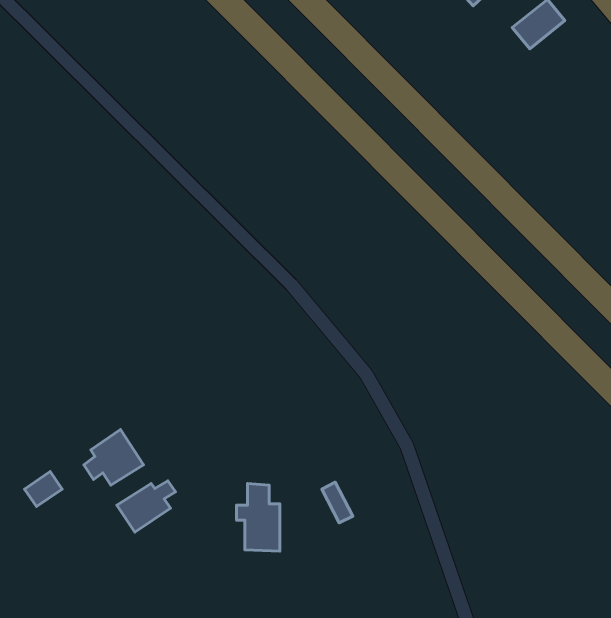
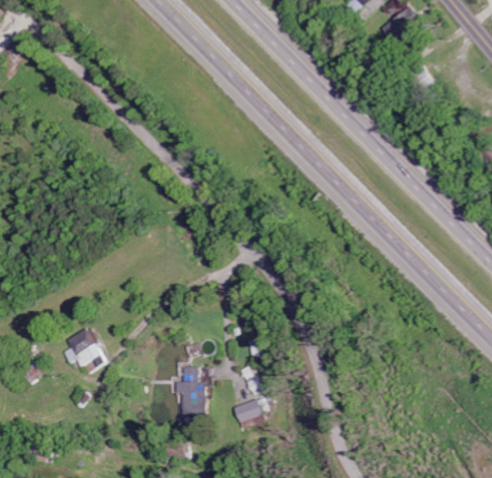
building: [117,481,175,532] -> none
building: none -> [234,399,263,424]

